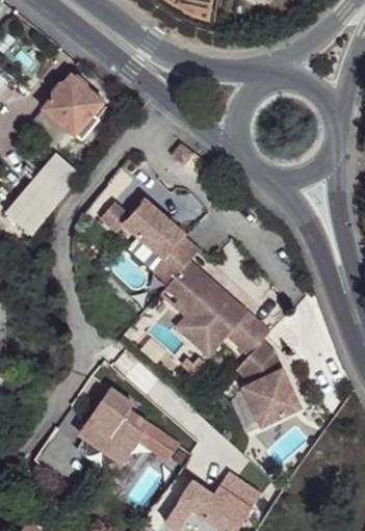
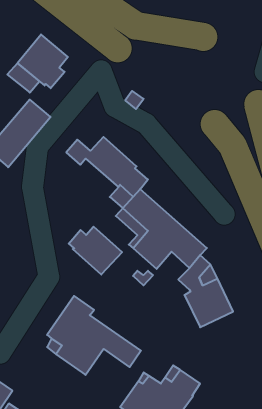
building: none -> [69,227,122,275]

